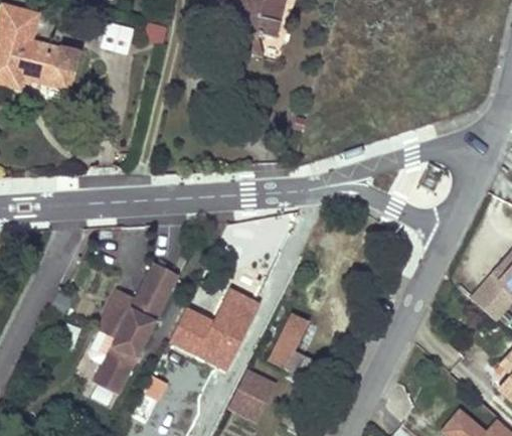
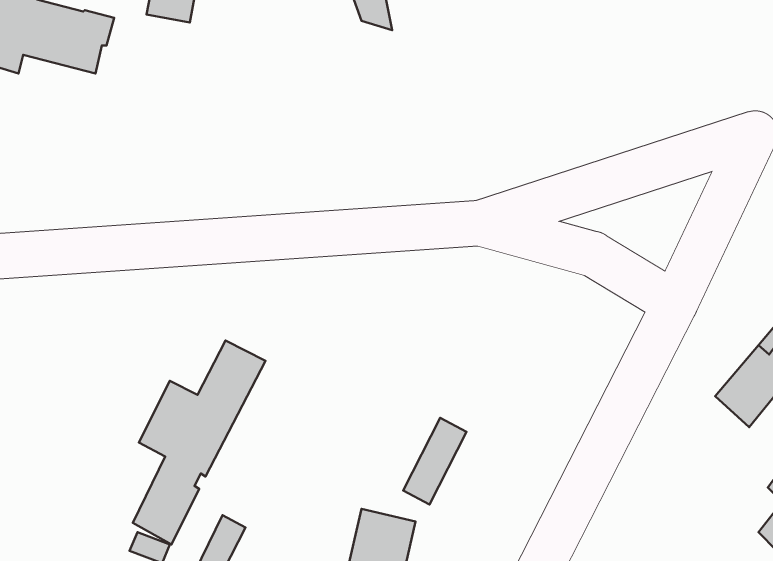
building: [169,287,260,370] -> none

